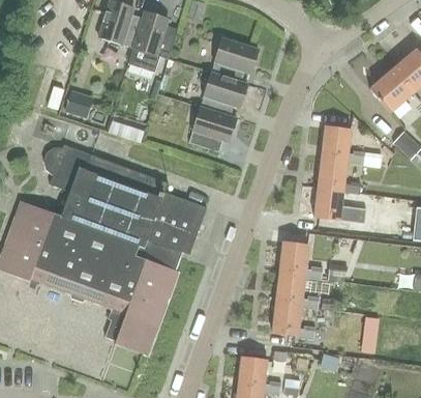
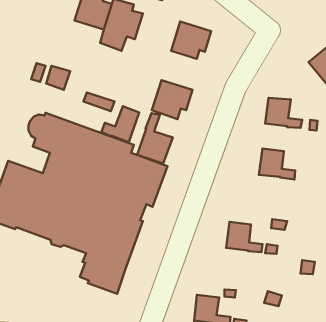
building: [200,72,247,115] -> none
building: none -> [101,106,139,142]
building: none -> [137,113,173,163]
building: [318,157,360,192] -> none
building: [279,241,322,278] -> none
building: [272,302,314,349] -> none

